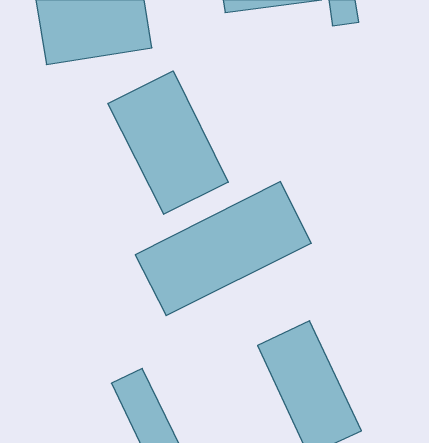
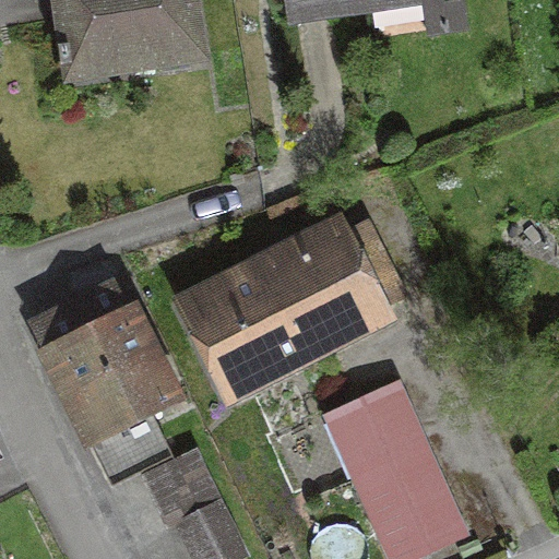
building: [108,71,228,214] -> none
building: none -> [32,287,175,464]

